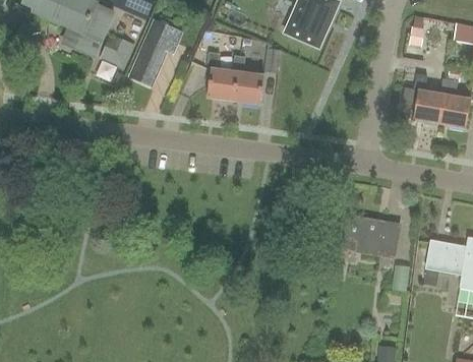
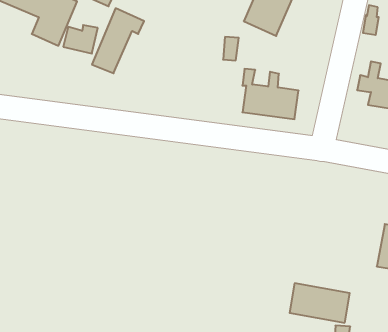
building: [205,52,263,104] -> [242,69,299,119]
building: [337,215,399,255] -> [290,283,350,323]

